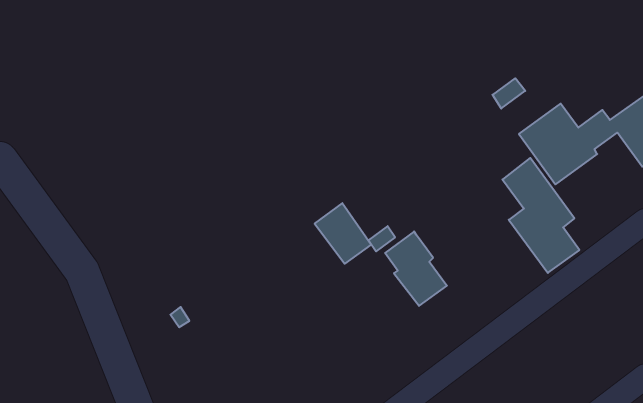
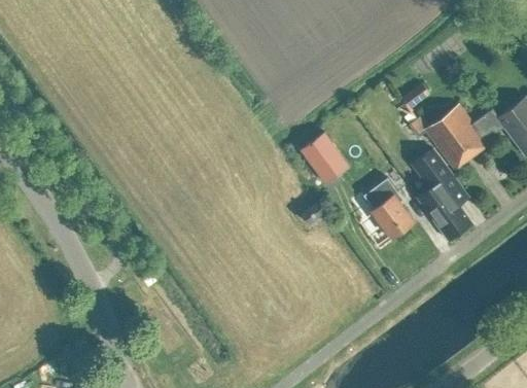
building: [315,203,371,264] -> [300,130,346,179]
building: [385,231,447,306] -> [363,177,414,238]

